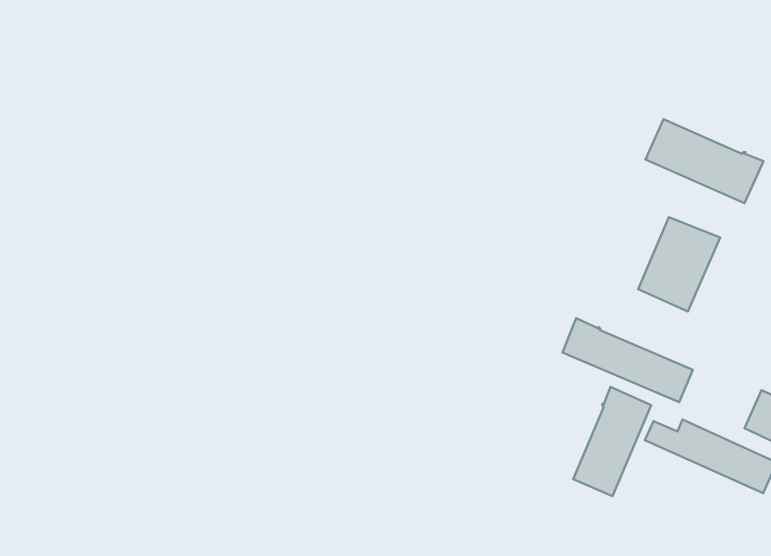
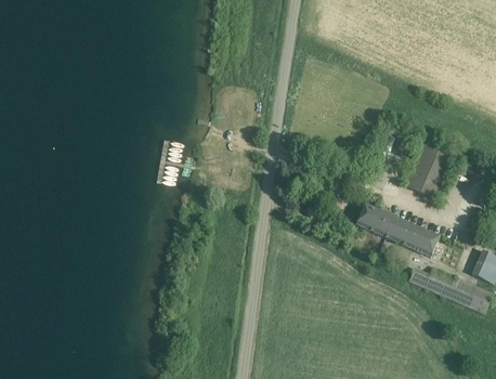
building: [646,119,764,203] -> none
building: [573,387,651,496] -> none

